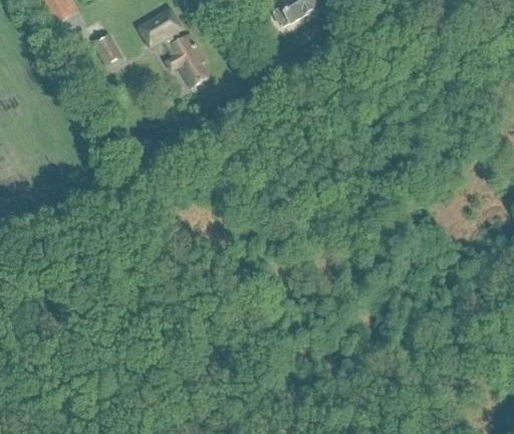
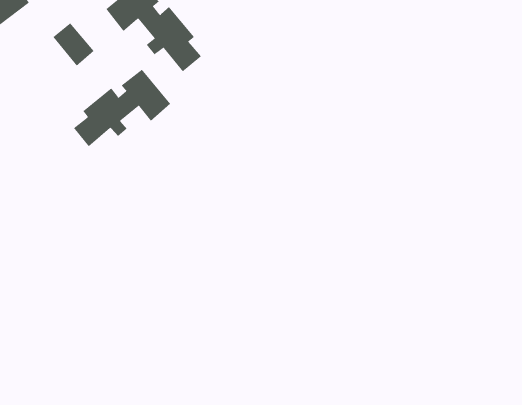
building: none -> [73,69,171,147]

